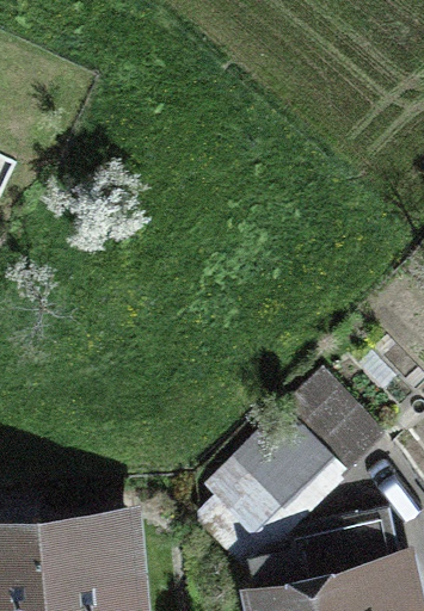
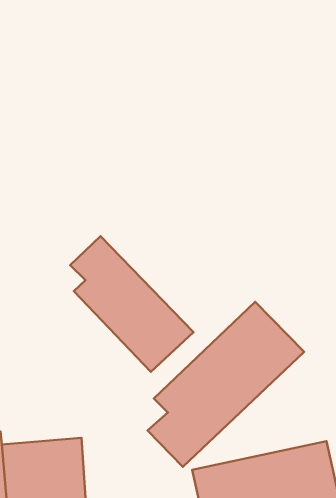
building: none -> [70,236,193,372]

